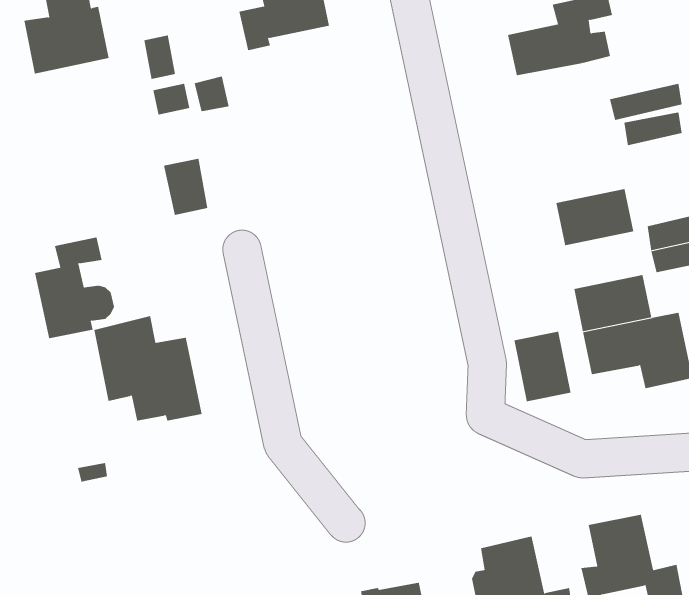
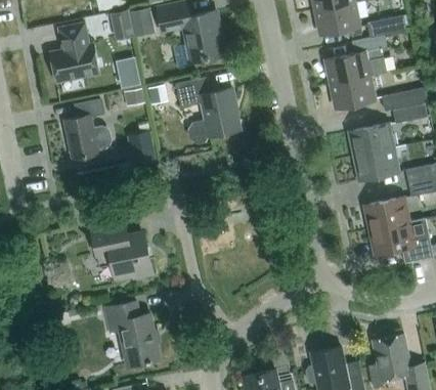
building: none -> [176,77,241,142]
building: none -> [332,77,376,110]
building: none -> [349,124,394,157]
building: [34,237,115,339] -> [64,100,111,159]
building: [514,331,571,402] -> none
building: none -> [104,302,160,367]

